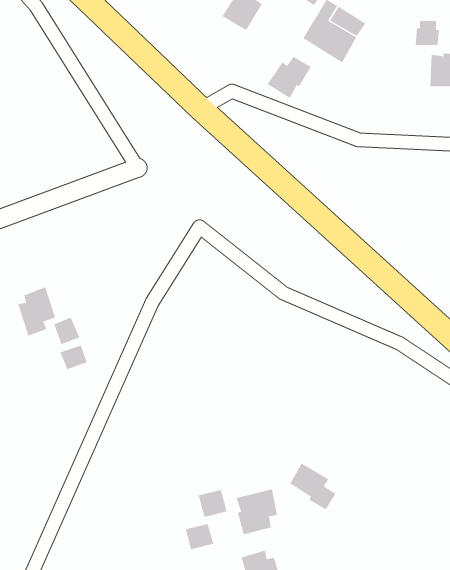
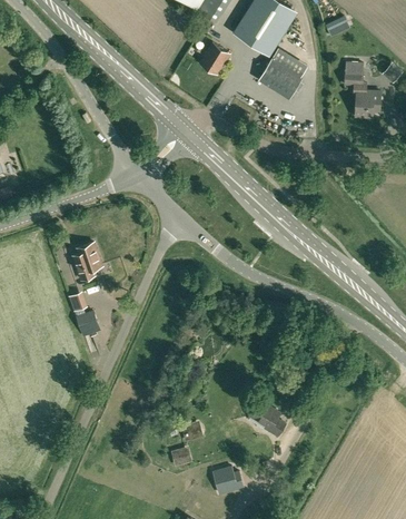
building: [267,56,312,99] -> none
building: [18,286,56,337] -> [72,242,101,280]
building: [236,489,278,535] -> none

